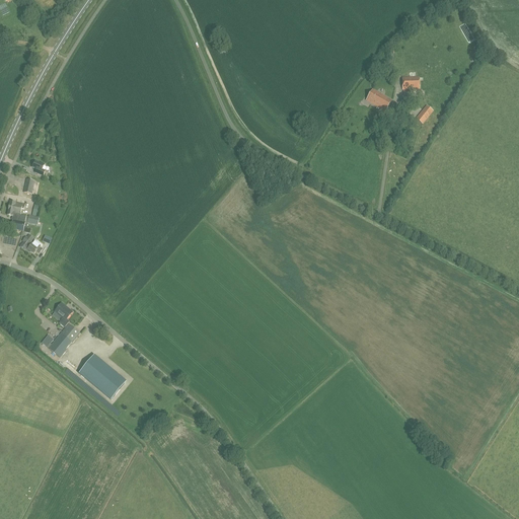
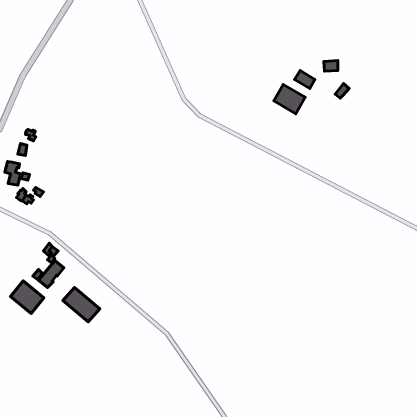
building: none -> [274,84,305,114]
building: none -> [11,281,44,314]

